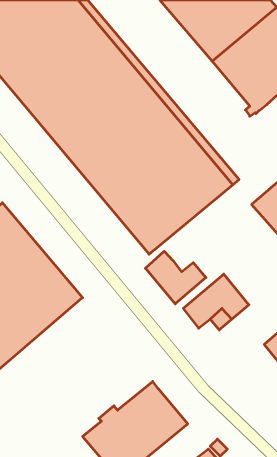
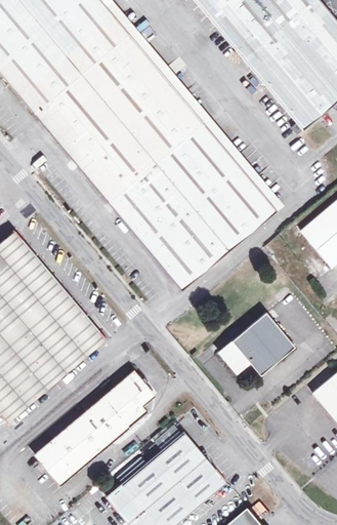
building: [145,251,206,304] -> none
building: none -> [35,371,155,485]

